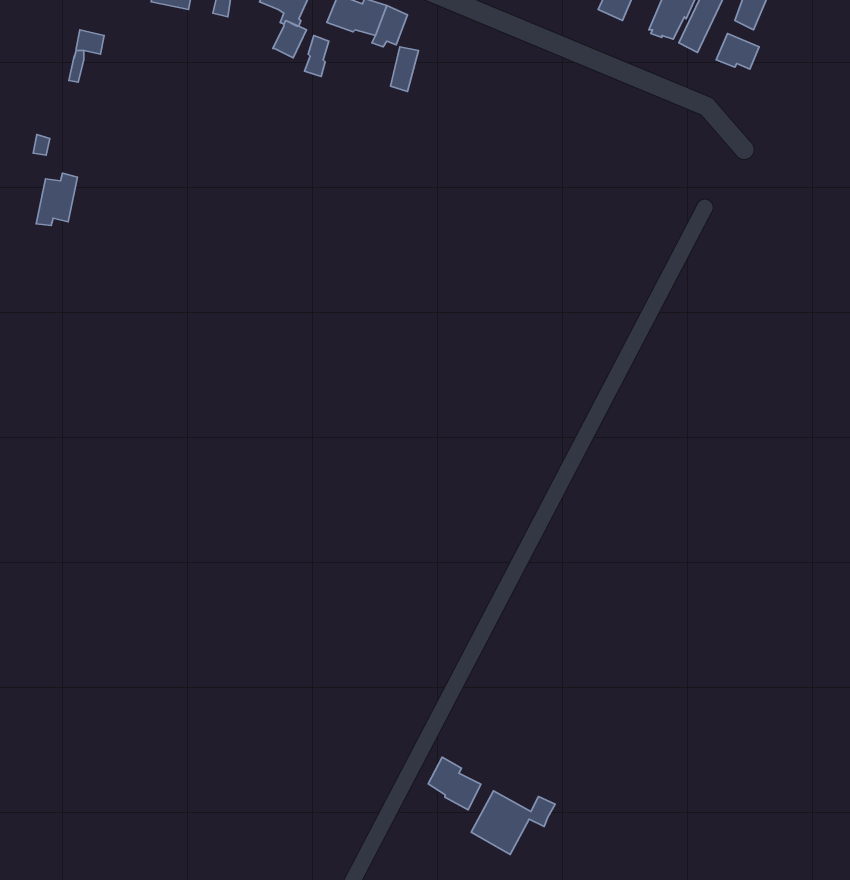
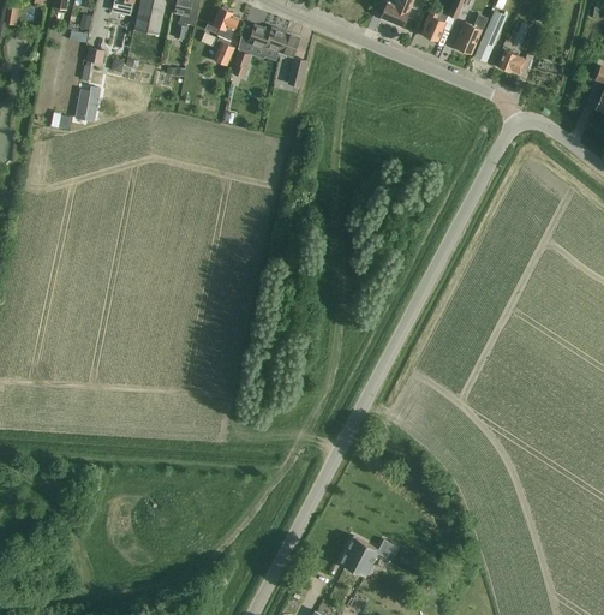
building: [36,173,77,226] -> [74,85,101,119]
building: [428,757,481,810] -> none

